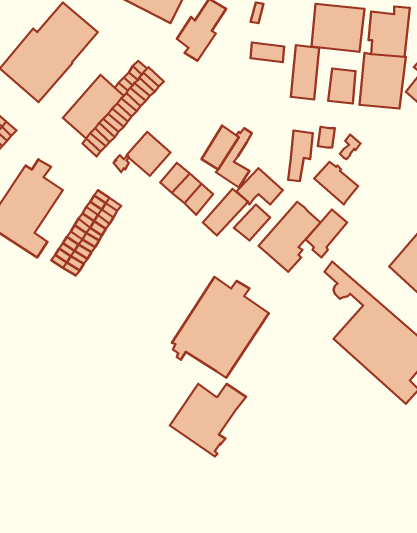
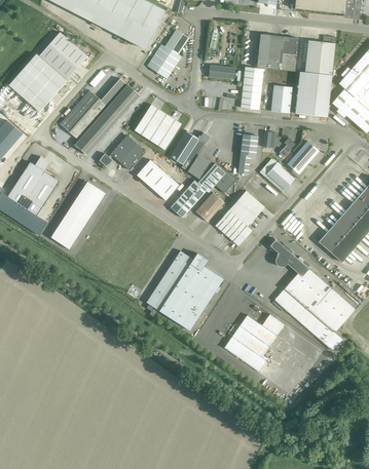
building: none -> [134,104,181,149]
building: [306,210,347,257] -> [287,140,320,178]
building: [170,384,246,456] -> [224,314,285,372]

